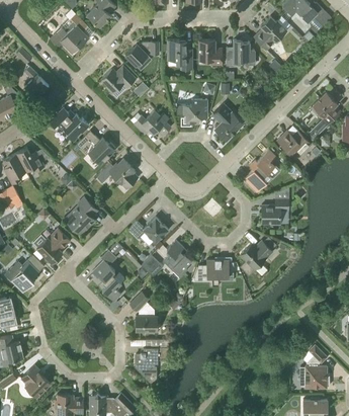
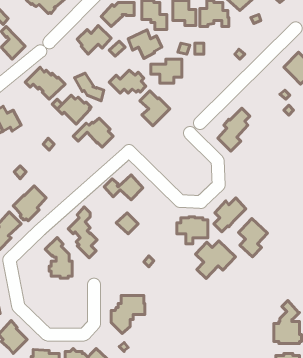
building: none -> [128,30,162,59]
building: [212,104,243,140] -> [140,91,170,126]
building: none -> [75,73,104,101]
building: [277,131,311,154] -> none
building: [65,196,97,235] -> none
building: [261,198,288,225] -> none
building: [163,240,191,277] -> none
building: none -> [239,218,267,257]
building: none -> [196,241,236,278]
building: [129,292,157,333] -> [45,237,72,278]

